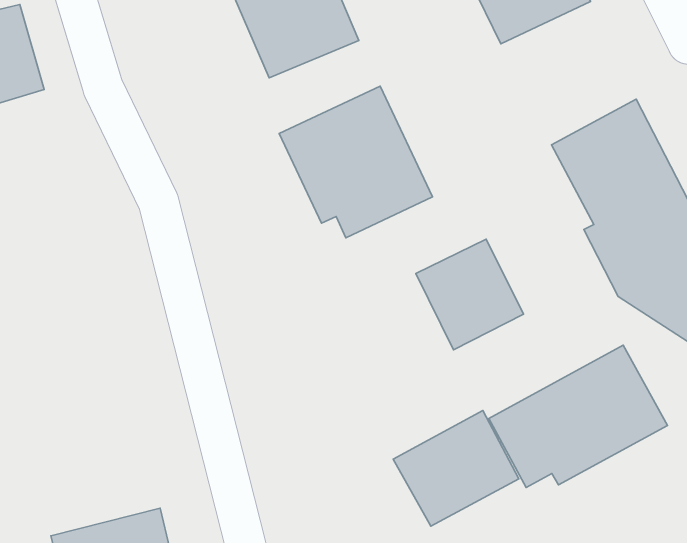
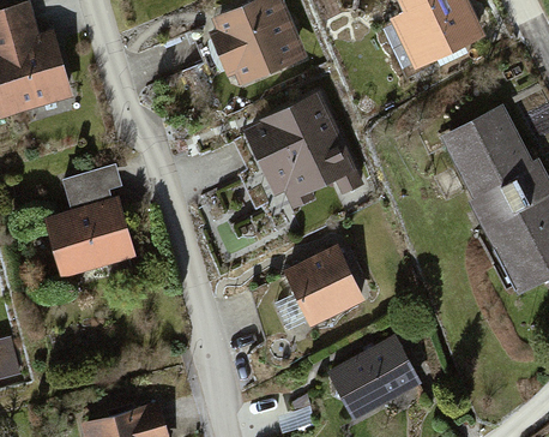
building: none -> [60,164,121,208]
building: none -> [46,198,135,277]
building: [416,239,524,350] -> [284,245,363,327]
building: [489,345,667,488] -> none

